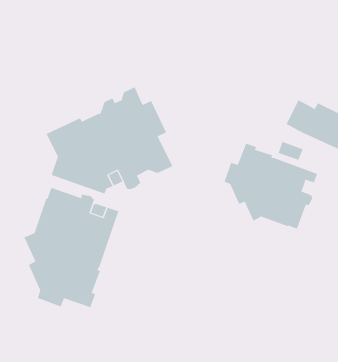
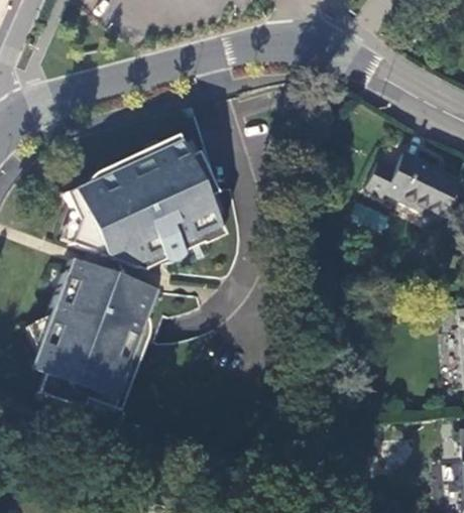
building: [224,143,318,229] -> none

